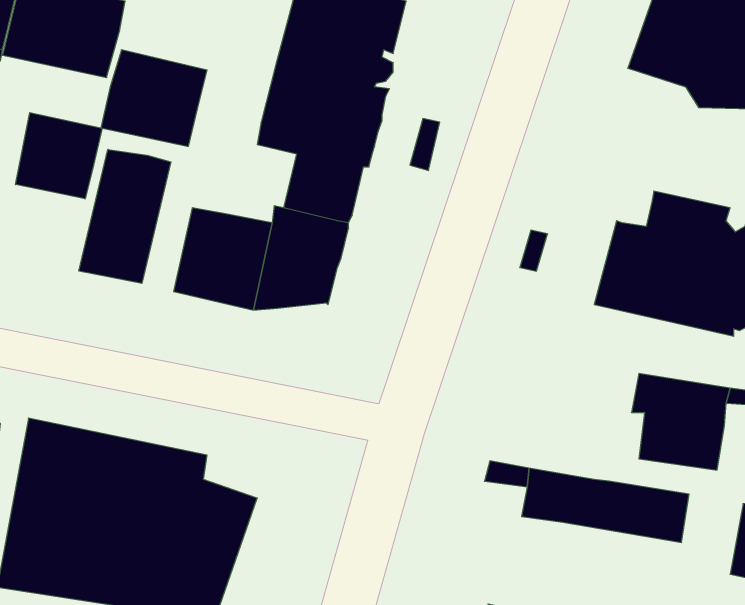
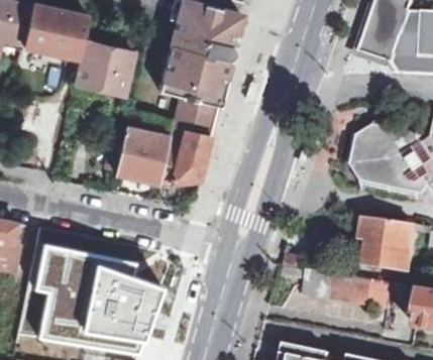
building: [16,113,102,199] -> none
building: [79,149,171,283] -> none

